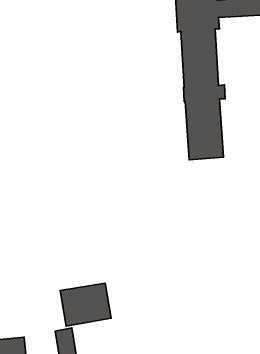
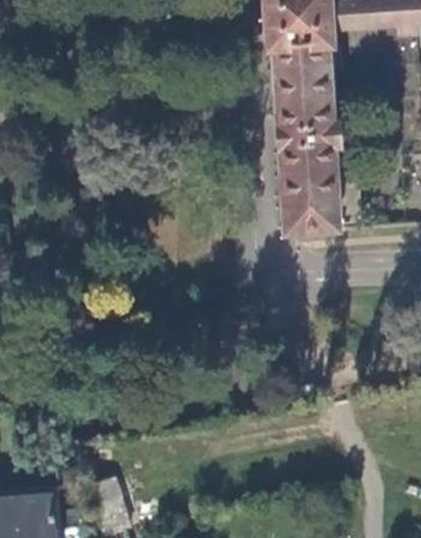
building: [60,283,111,326] -> none

